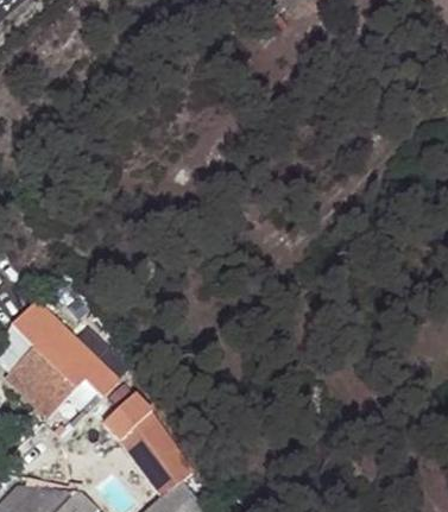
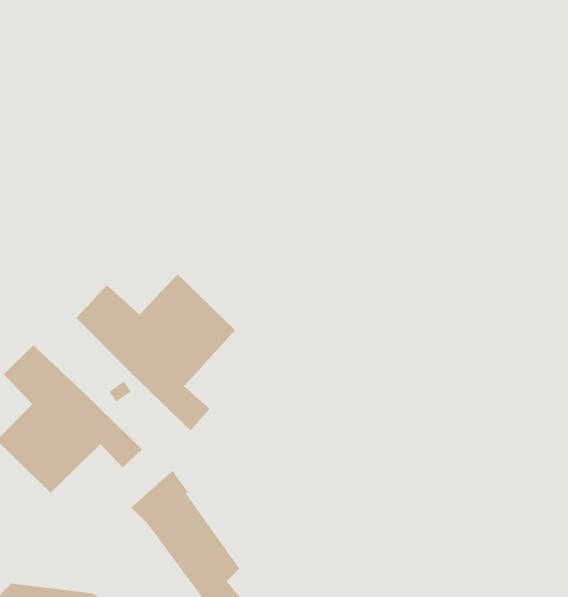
building: none -> [75,273,236,432]

